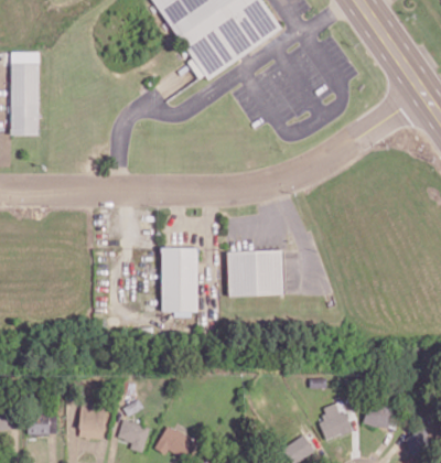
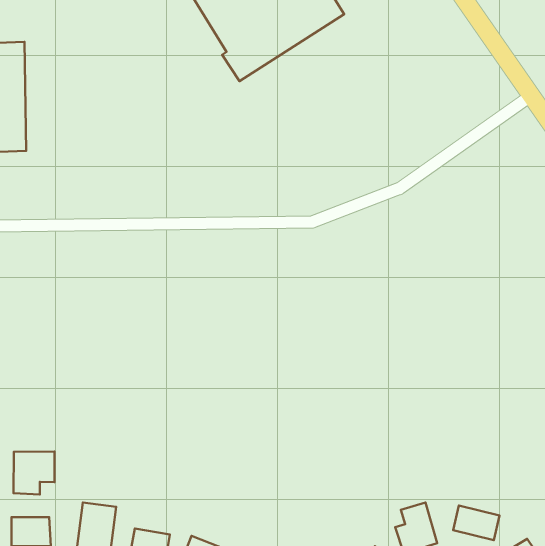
building: [161,247,197,315] -> none
building: [227,249,284,297] -> none
building: none -> [14,451,54,494]

